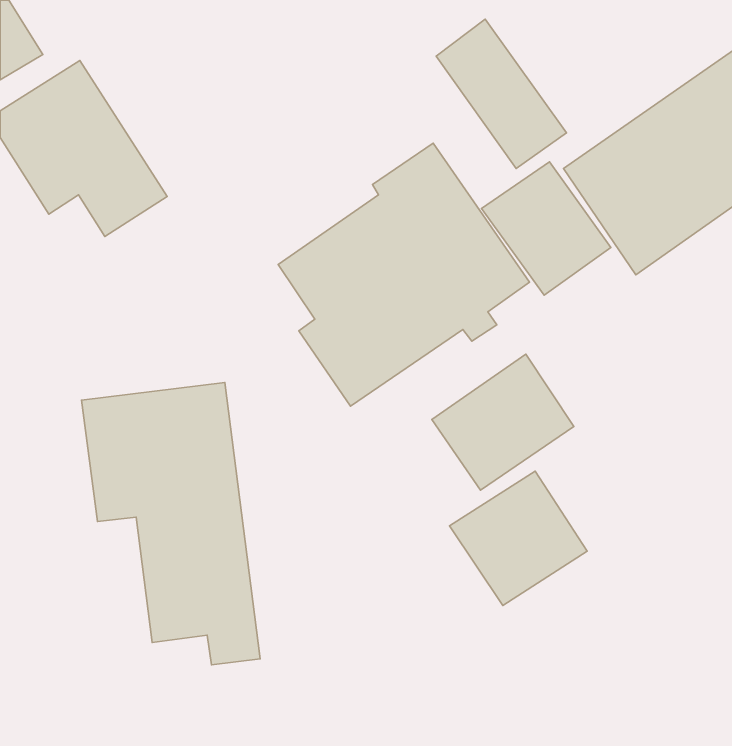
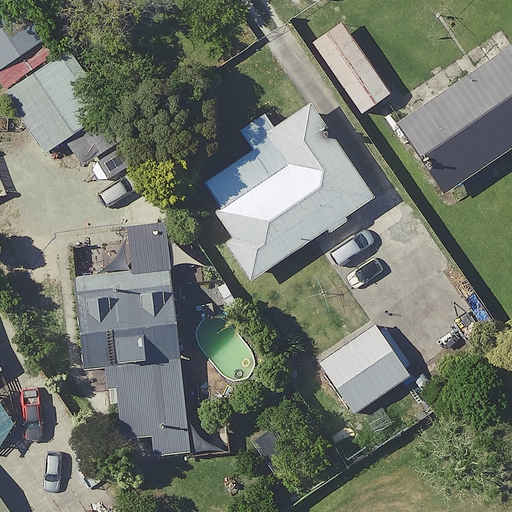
building: [482,162,611,295] -> none
building: [432,354,574,490] -> none

